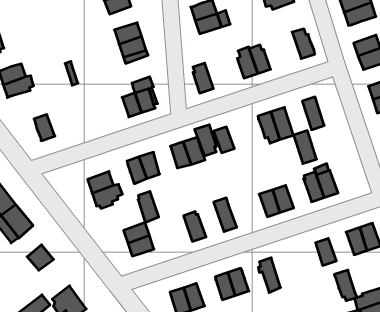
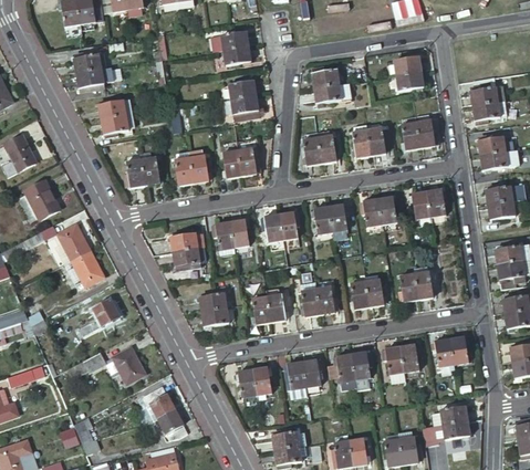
building: none -> [401,118,419,150]
building: none -> [316,133,336,164]
building: none -> [174,150,207,186]
building: none -> [139,153,158,185]
building: [195,125,216,156] -> [328,205,347,237]
building: [294,131,317,164] -> [427,189,447,223]
building: [138,191,159,223] -> [251,293,270,325]
building: none -> [315,286,339,315]
building: none -> [351,352,371,387]
building: [334,270,357,301] -> [385,346,405,378]

